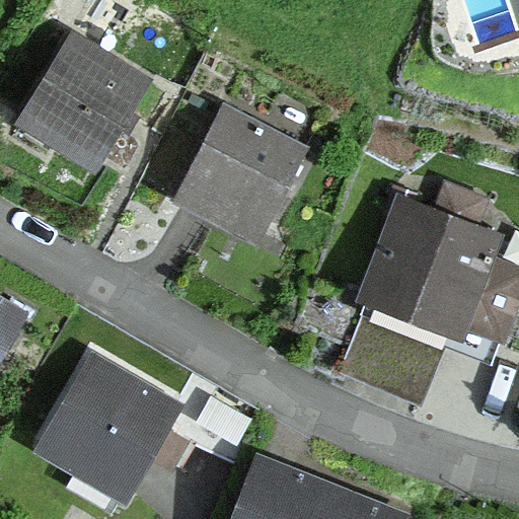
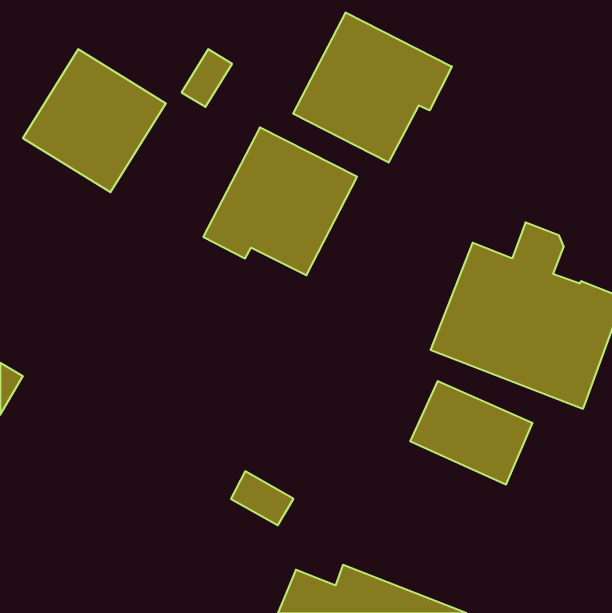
building: none -> [293,12,452,163]
building: [39,360,180,497] -> none

